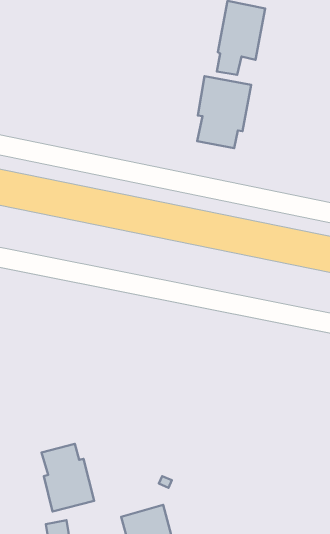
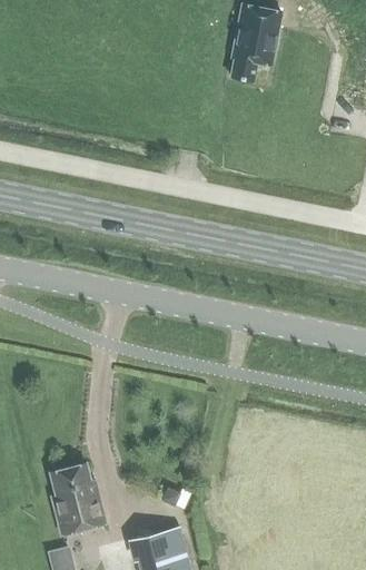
building: [197,76,251,148] -> none

